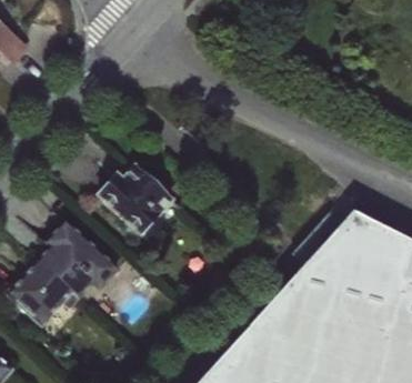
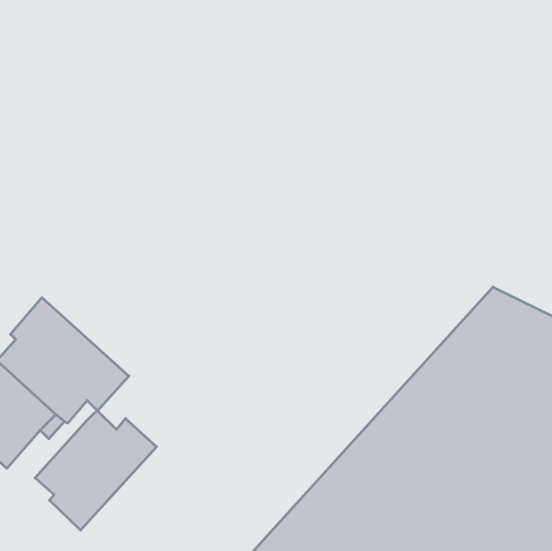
building: [94,162,174,235] -> none
building: none -> [35,411,157,530]

